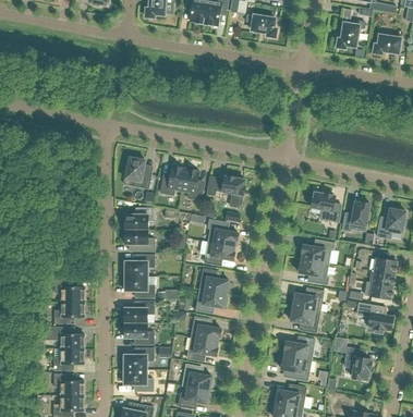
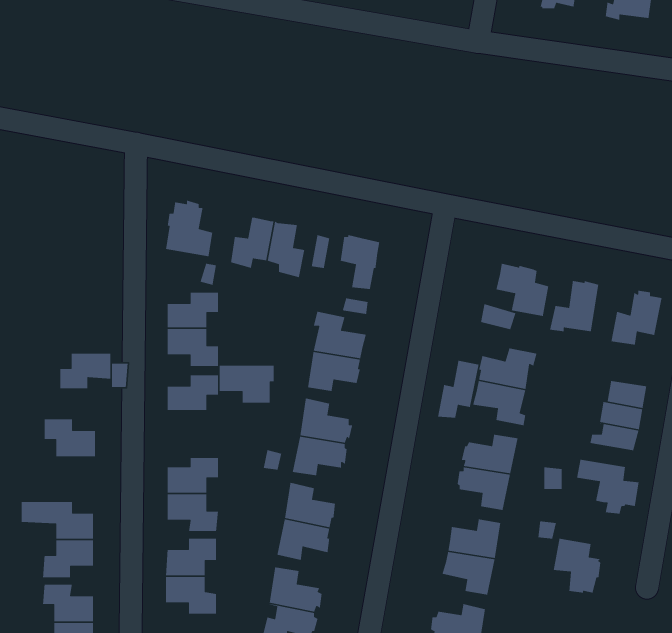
building: none -> [437,360,479,419]
building: [124,275,156,297] -> [219,365,274,403]
building: [54,302,84,322] -> [59,353,111,389]

